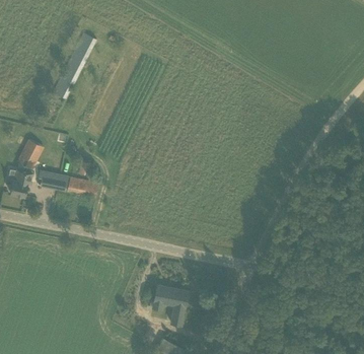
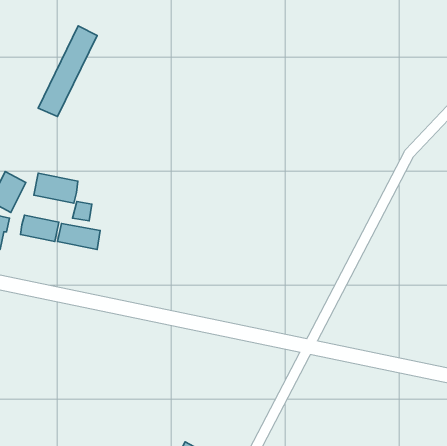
building: none -> [34,173,78,203]
building: [151,284,188,325] -> none

